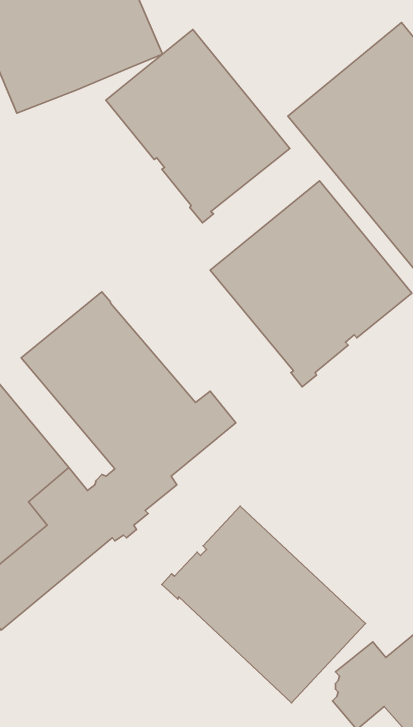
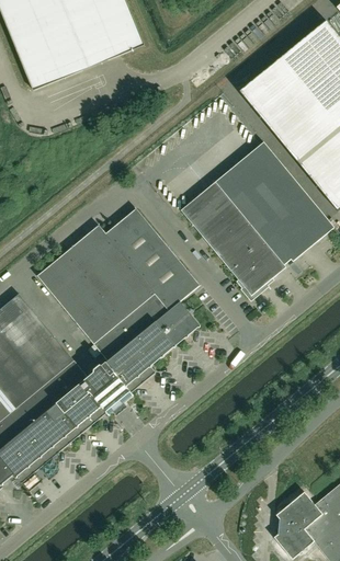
building: [106,30,290,223] -> none
building: none -> [104,207,200,309]
building: [162,506,366,703] -> none

